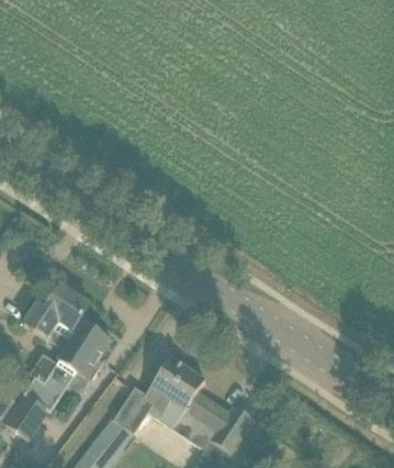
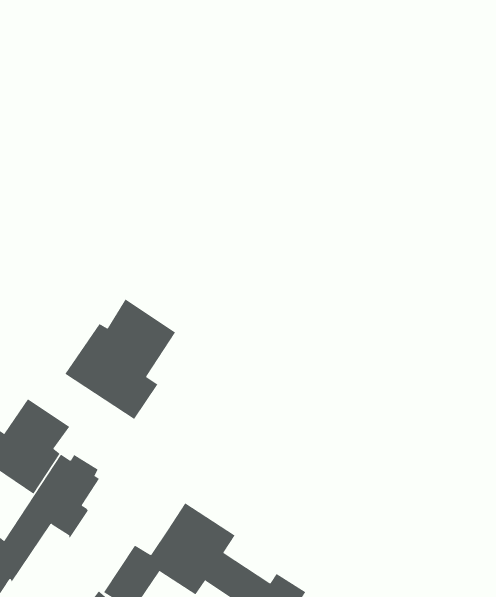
building: none -> [65,299,176,420]

